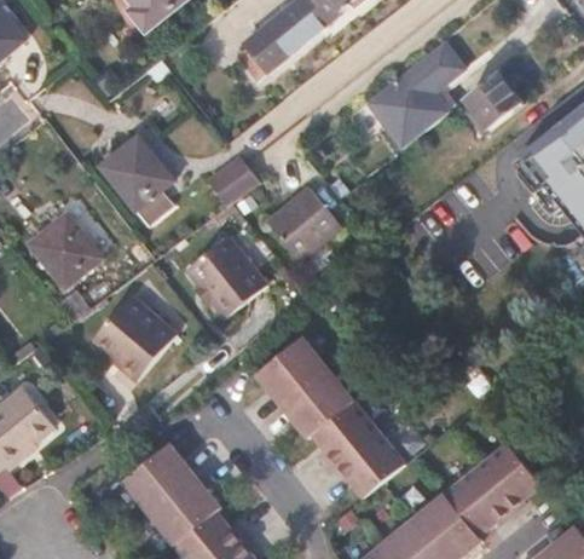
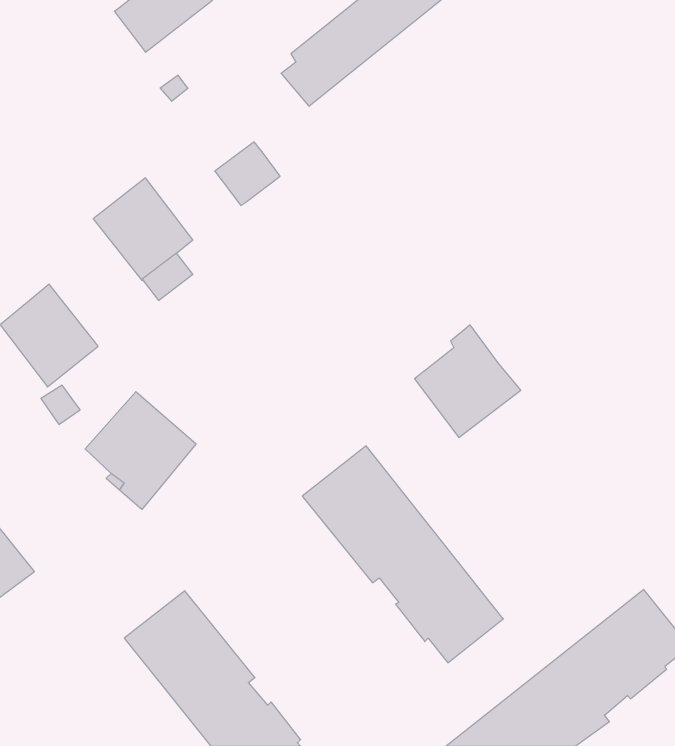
building: [371,39,467,145] -> none
building: [466,71,524,134] -> none
building: [210,157,259,204] -> [215,142,280,206]
building: [281,171,359,254] -> [415,325,521,438]
building: [185,237,265,315] -> none

